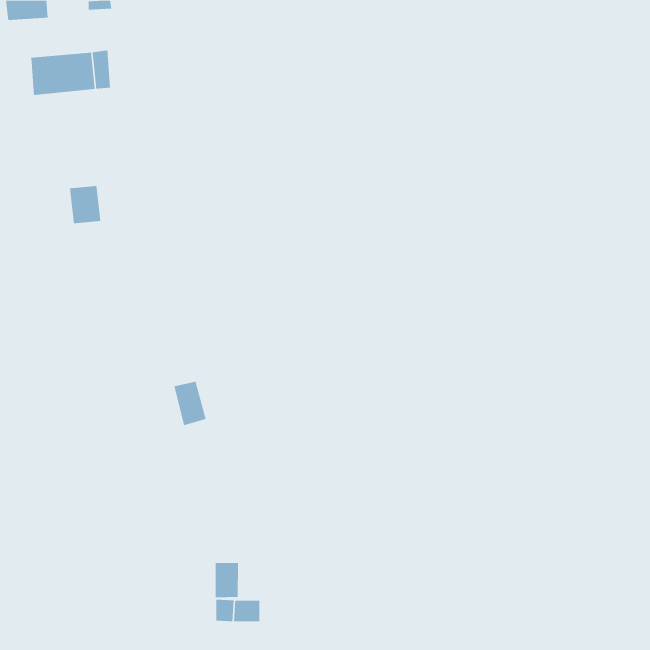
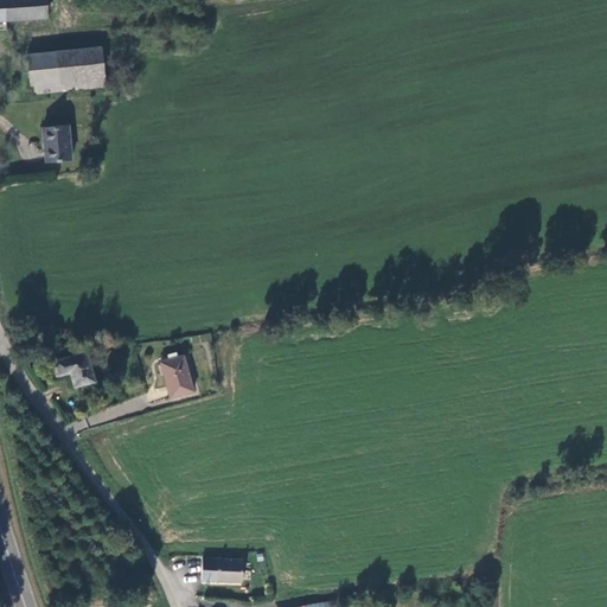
building: [69,186,101,224] -> [41,127,71,162]
building: none -> [51,351,94,386]
building: [215,562,238,598] -> none

